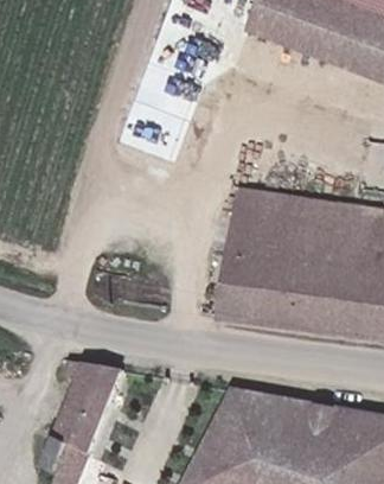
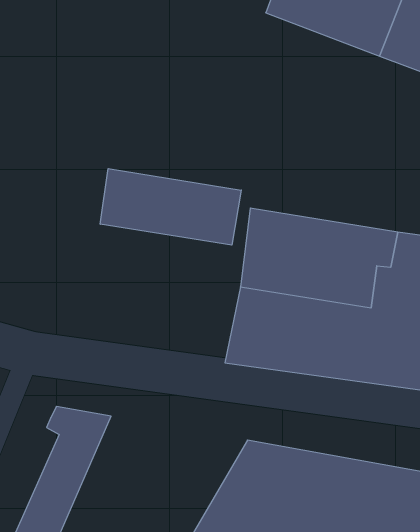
building: none -> [100,169,241,245]

